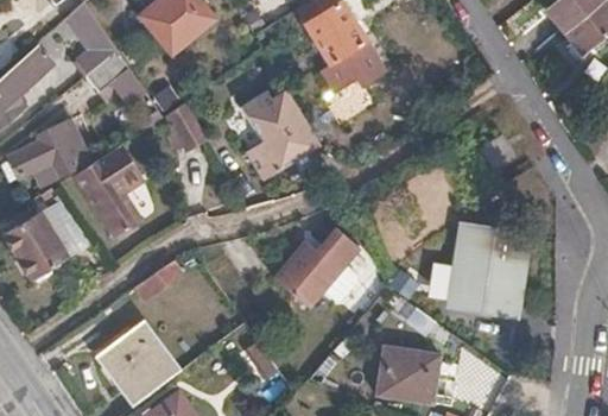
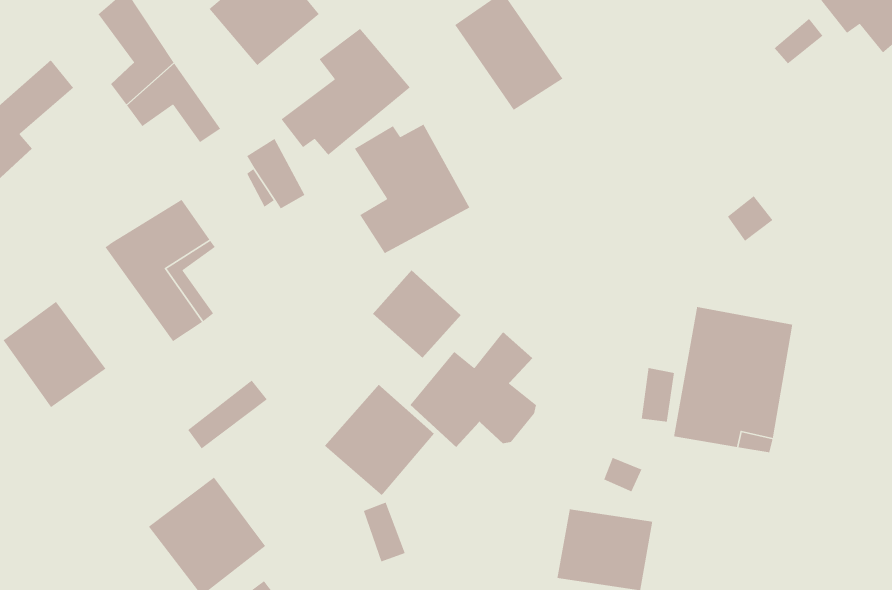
building: none -> [281,28,411,156]
building: [10,119,89,184] -> none
building: none -> [372,269,462,358]
building: none -> [324,384,435,496]

